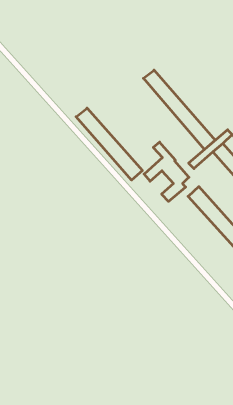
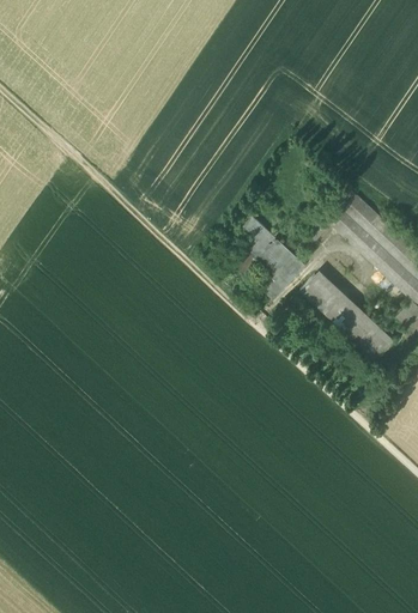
building: [143,70,215,149] -> none
building: [76,108,142,180] -> none

